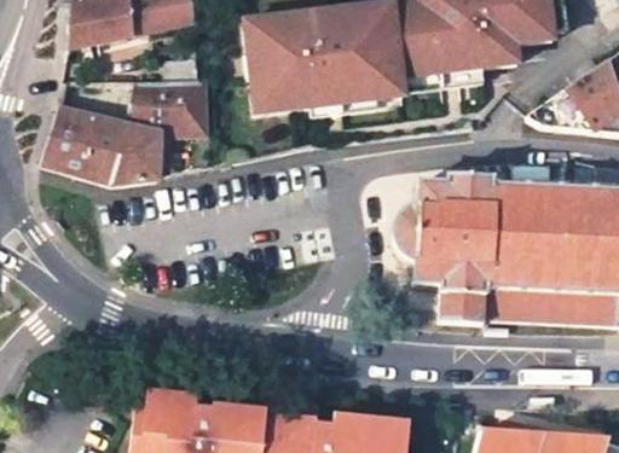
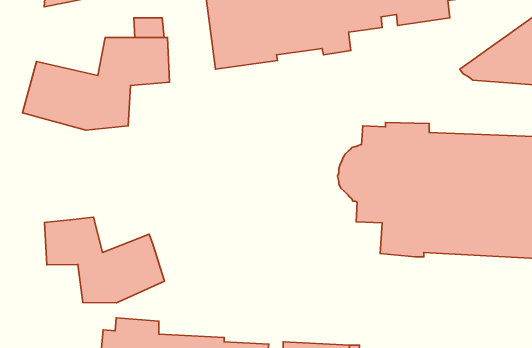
building: none -> [45,217,165,303]

